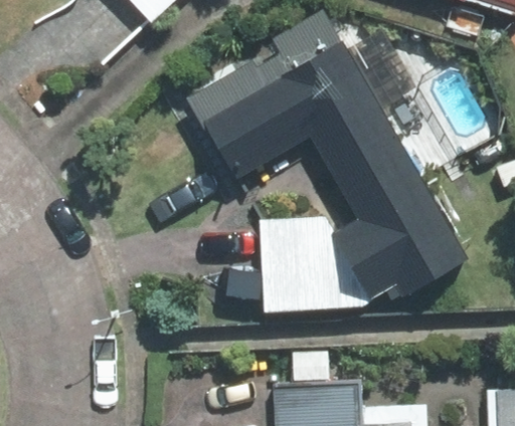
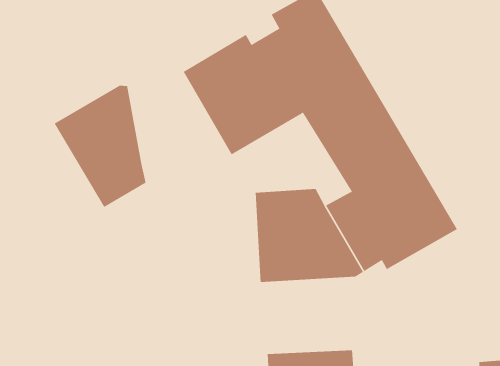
building: none -> [54,85,146,208]

